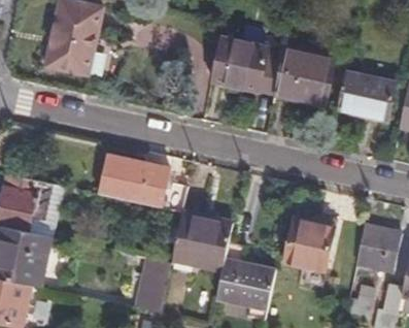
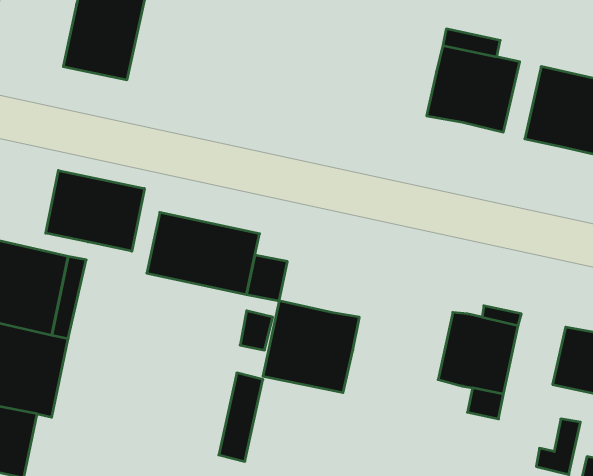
building: [211,40,281,97] -> none
building: none -> [46,170,144,251]
building: [216,243,274,309] -> none

